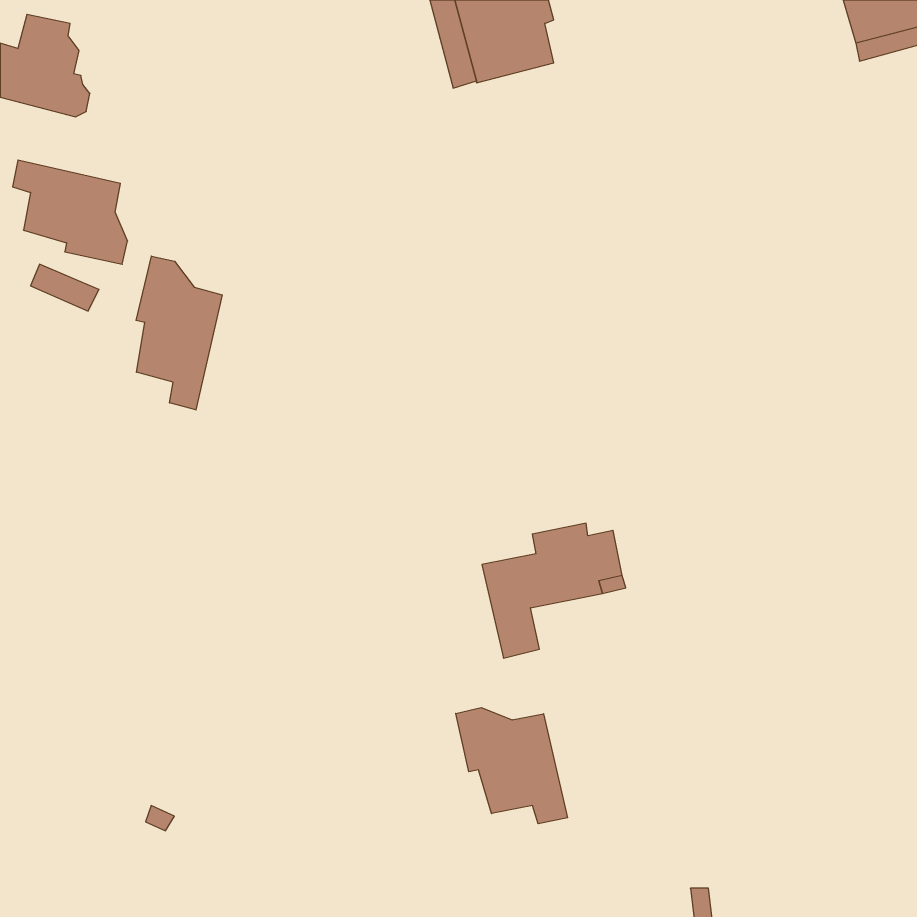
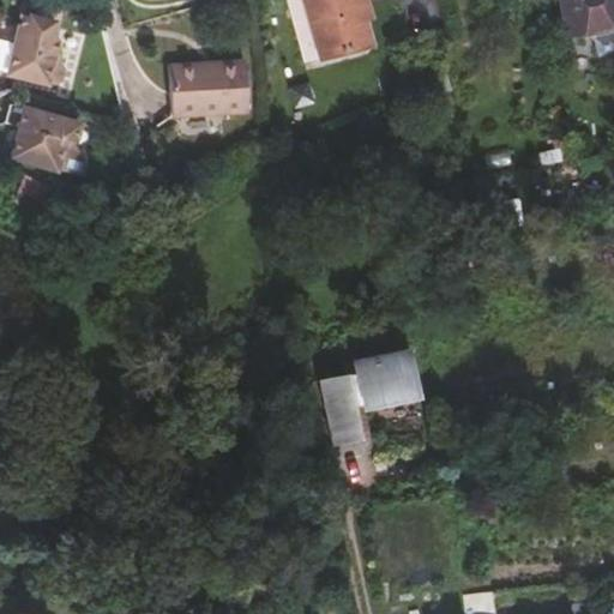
building: none -> [176,56,260,125]
building: [136,256,222,410] -> none
building: [456,708,568,824] -> none

